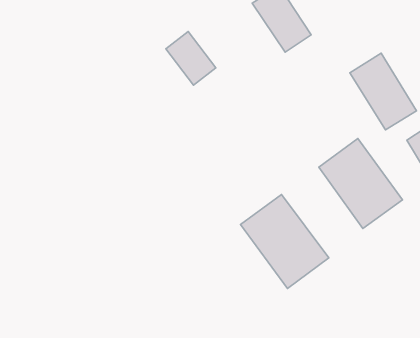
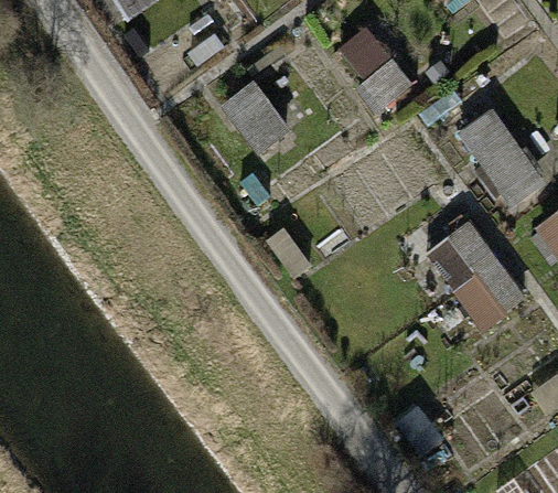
building: [241,195,329,288] -> none

